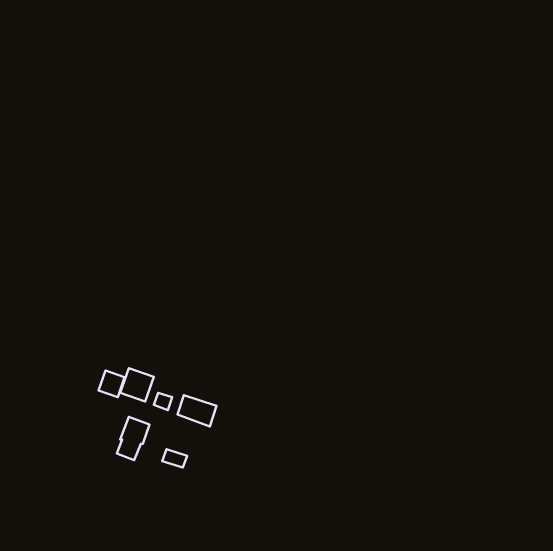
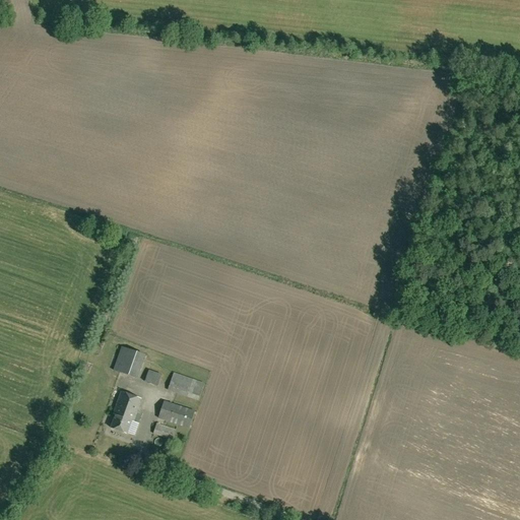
building: [99,371,125,397] -> none
building: none -> [157,400,194,427]

